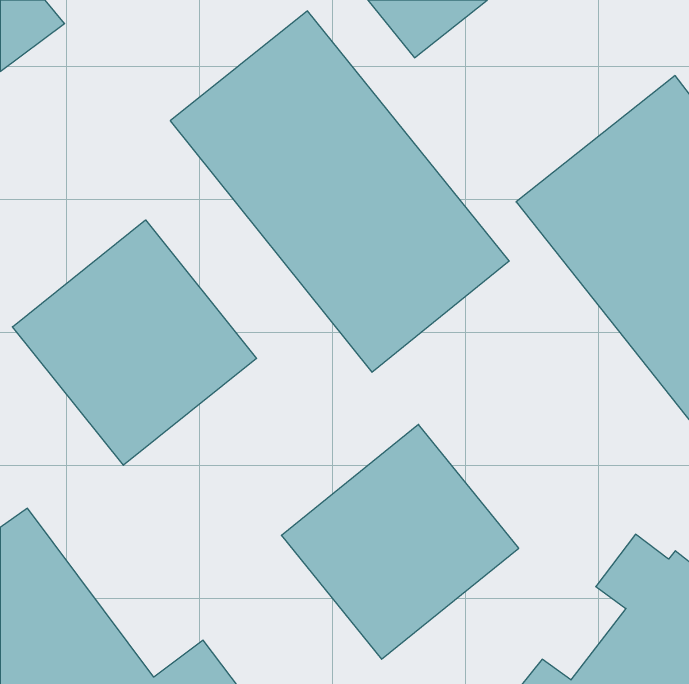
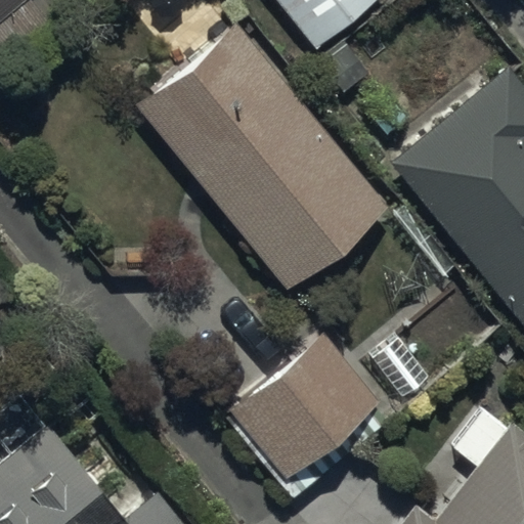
building: [12,220,257,465] -> none

